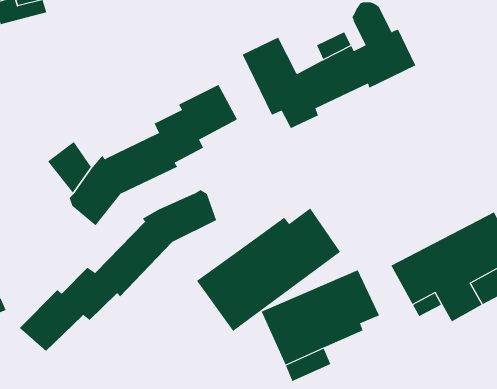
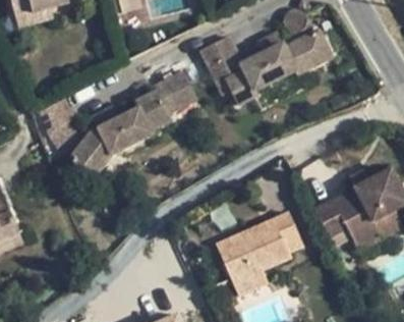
building: [19,189,217,352] -> none
building: [196,208,341,332] -> none

